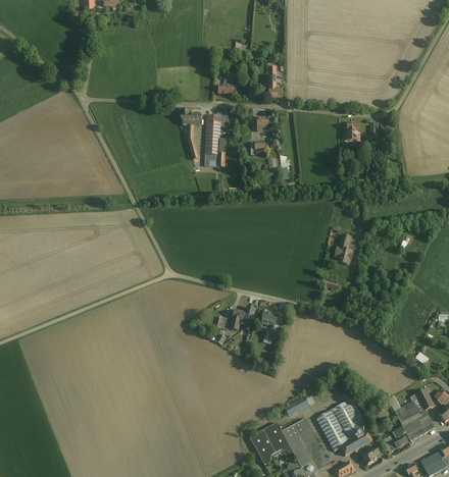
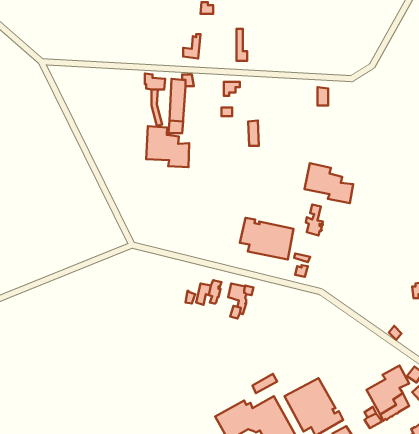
building: none -> [146,126,189,167]
building: none -> [304,163,353,203]
building: none -> [240,218,293,259]

